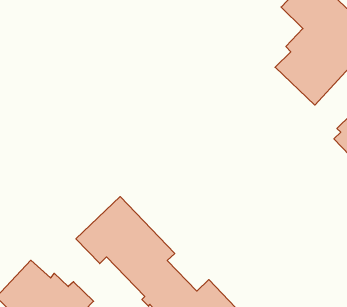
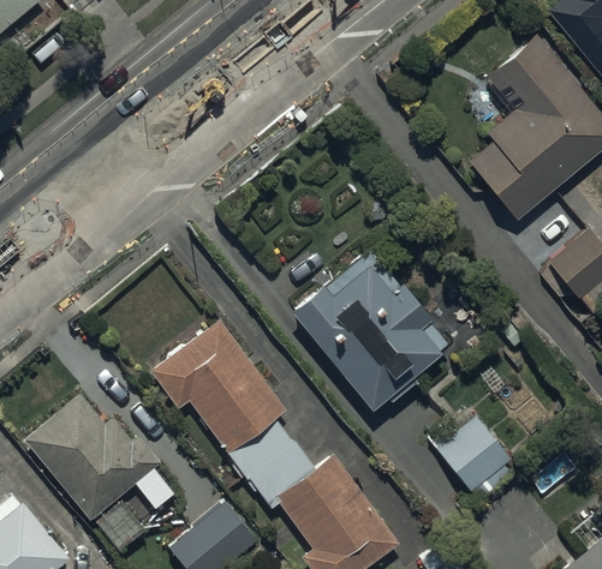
building: none -> [291,250,451,411]
building: none -> [428,409,515,505]

